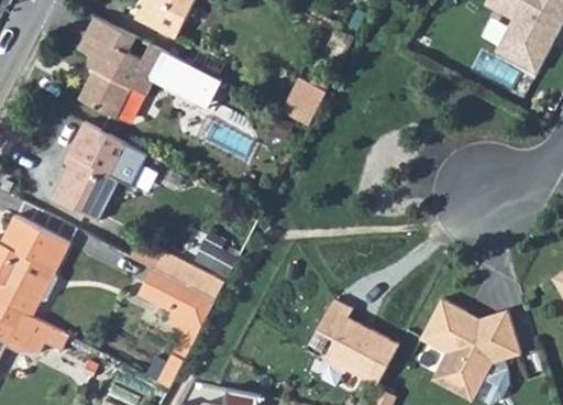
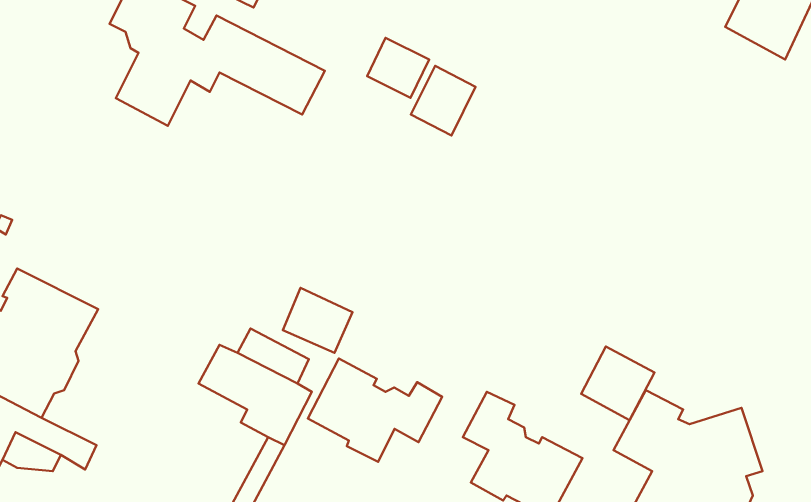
building: none -> [367,38,429,98]
building: [51,121,146,220] -> none
building: none -> [581,346,654,420]
building: none -> [308,358,442,462]

